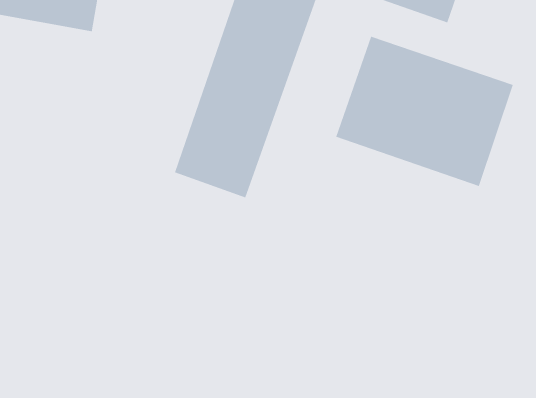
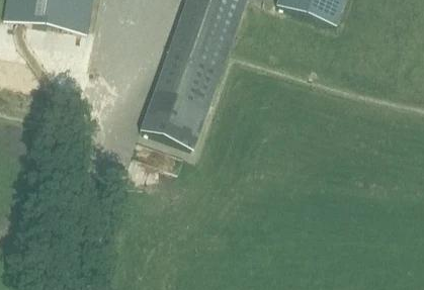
building: [336,36,513,187] -> none

